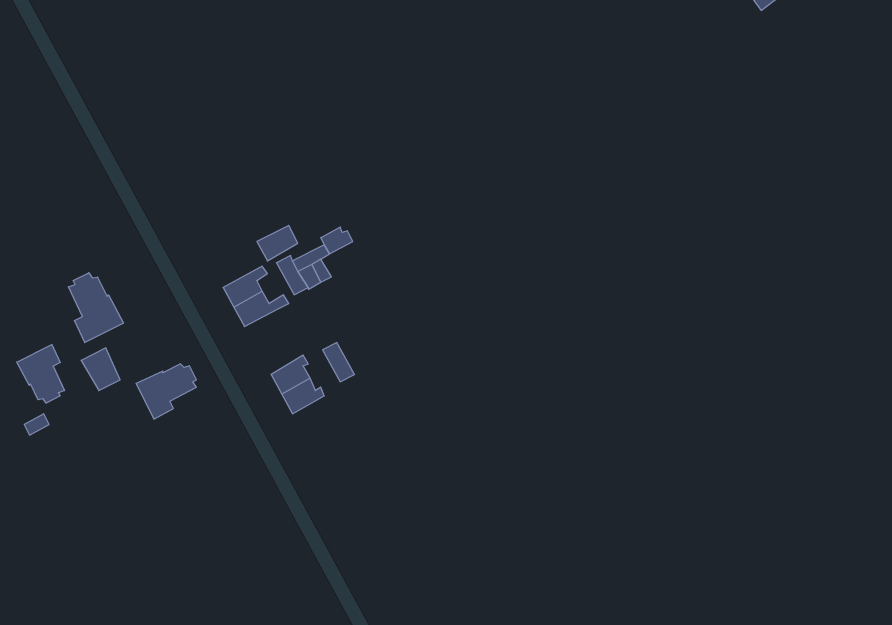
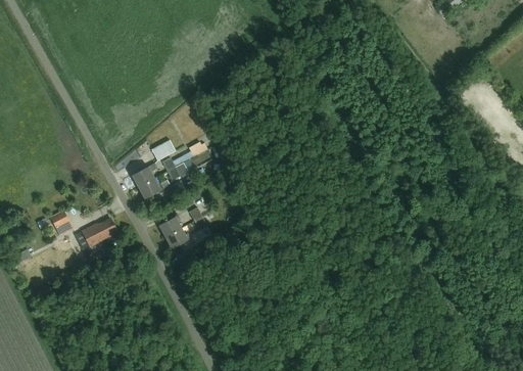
building: [68,273,124,343] -> none
building: [17,345,64,403] -> none

